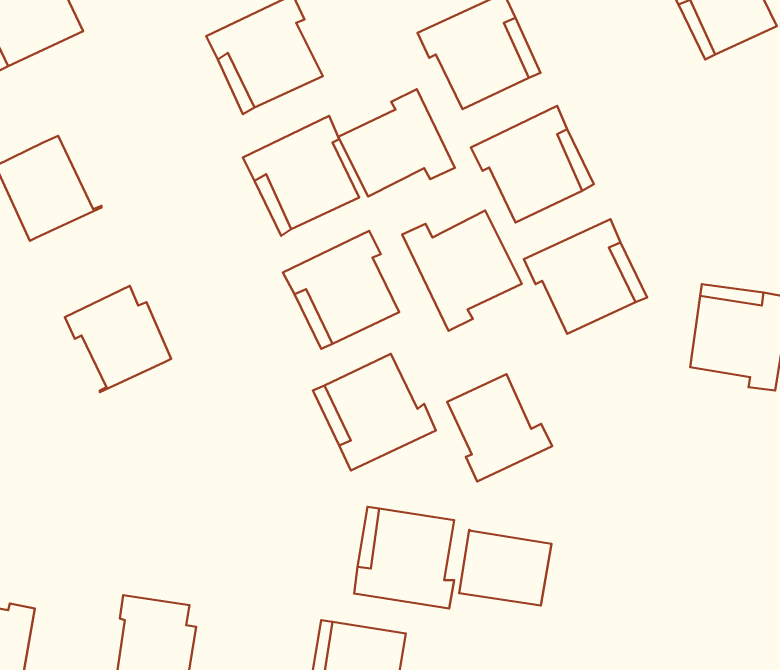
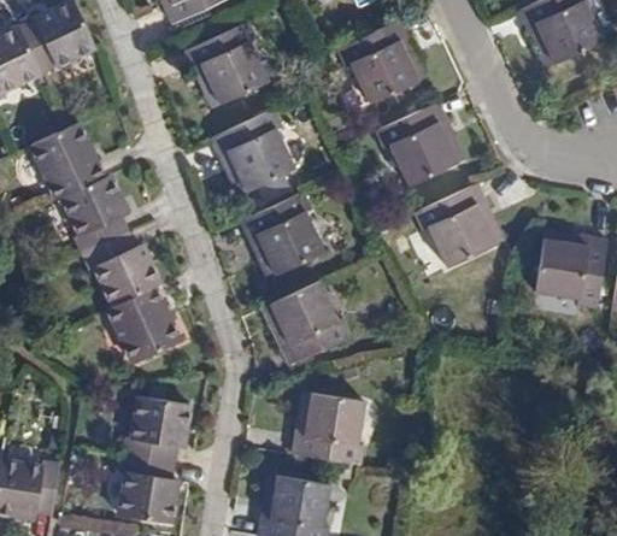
building: [338,89,455,197] -> none
building: none -> [63,175,130,254]
building: [402,211,522,331] -> none
building: none -> [108,287,181,363]
building: [447,374,552,482] -> none
building: none -> [125,395,190,463]
building: [459,530,551,606] -> none

